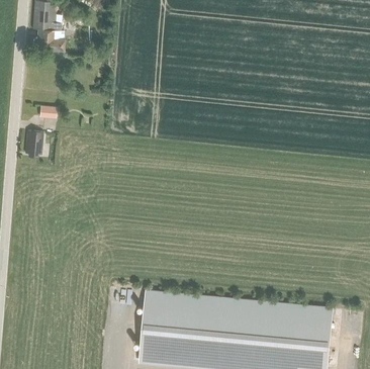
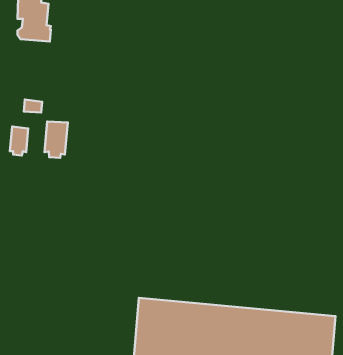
building: none -> [44,121,68,158]

